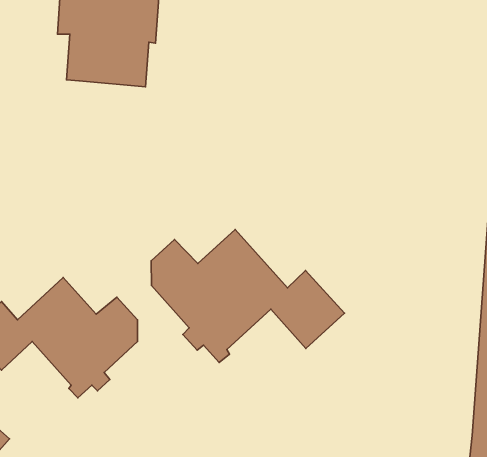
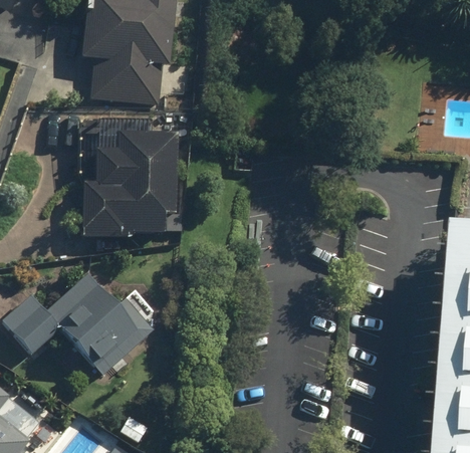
building: none -> [80,128,178,236]
building: [151,229,345,362] -> none

